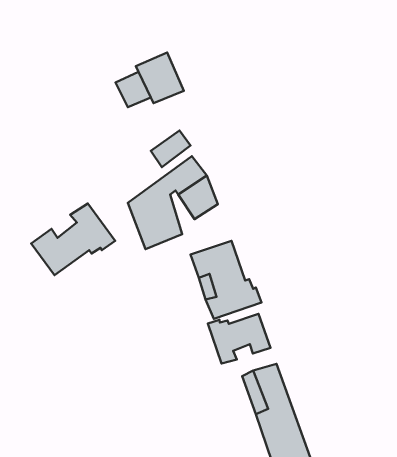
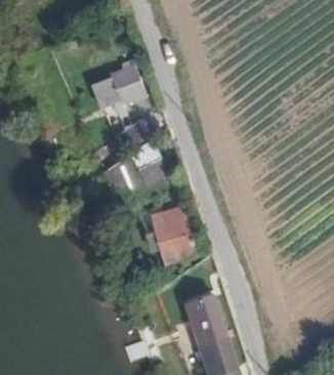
building: [31,204,115,275] -> none
building: [208,314,270,363] -> none

